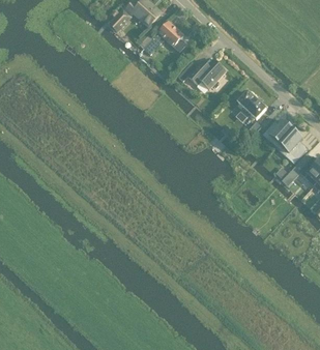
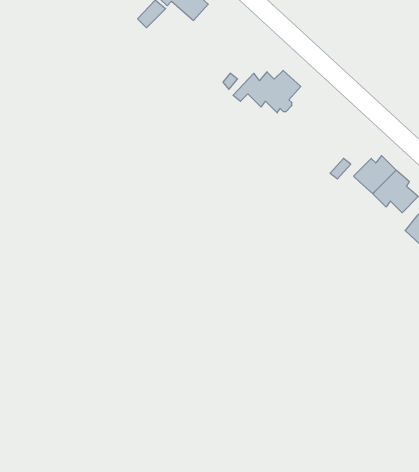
building: [143,24,184,53] -> none
building: [237,91,265,118] -> none

